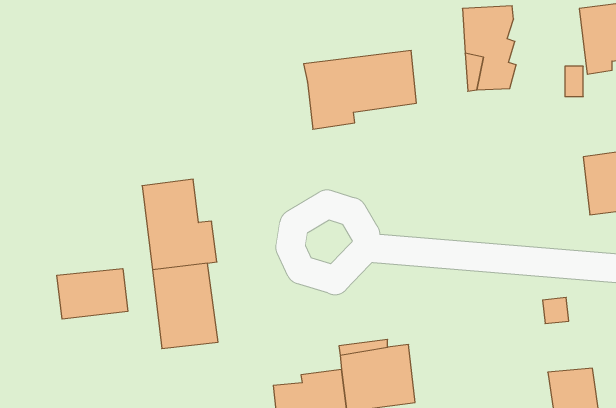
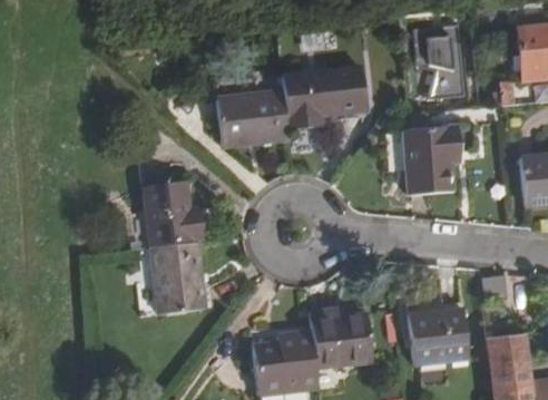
building: none -> [215,90,288,147]
building: none -> [382,125,458,195]
building: [57,269,128,319] -> none
building: none -> [410,305,472,361]

